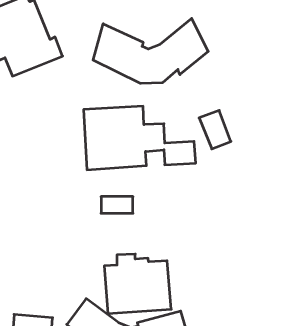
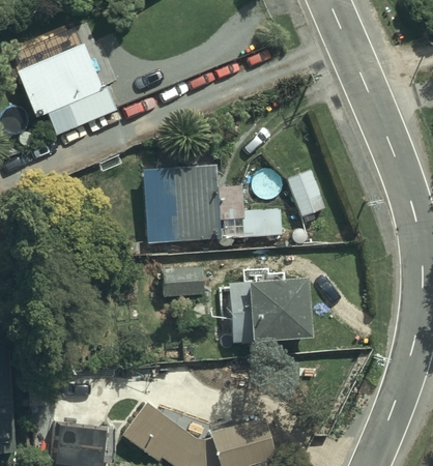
building: [93,18,208,83] -> none
building: [104,254,171,313] -> [228,268,311,342]

